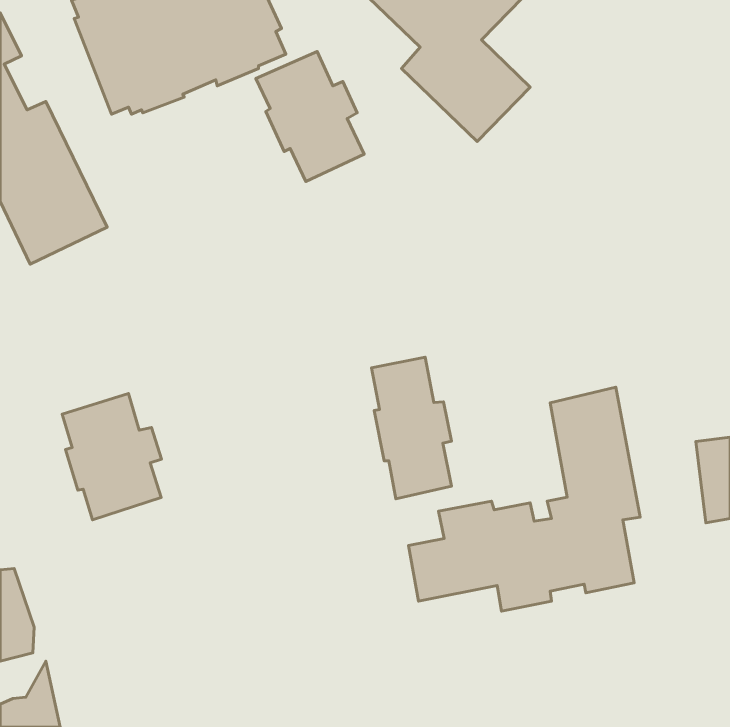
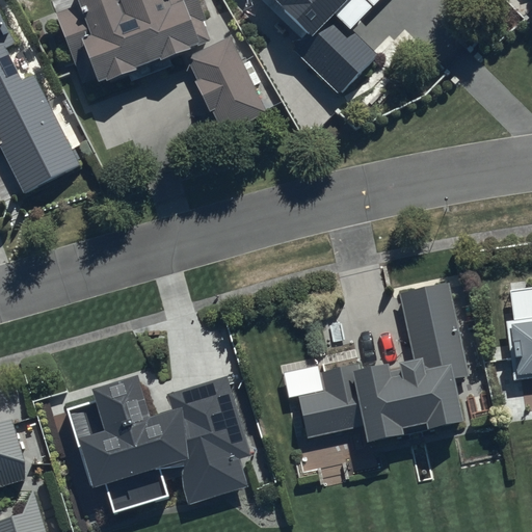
building: [372,357,452,499] -> none
building: [62,394,161,520] -> none
building: none -> [65,367,249,512]

